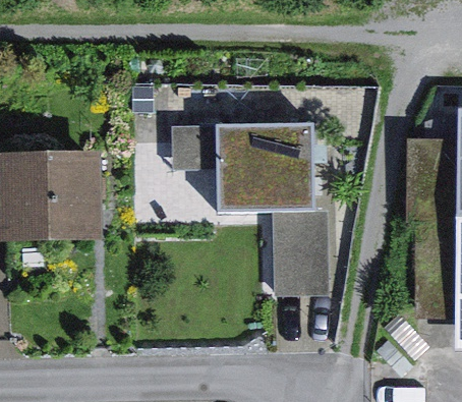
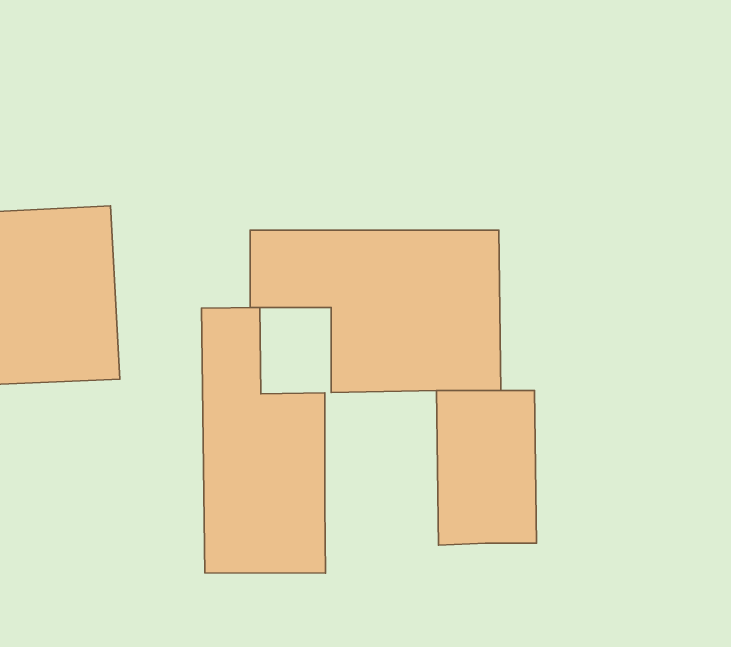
building: none -> [202,307,326,573]

